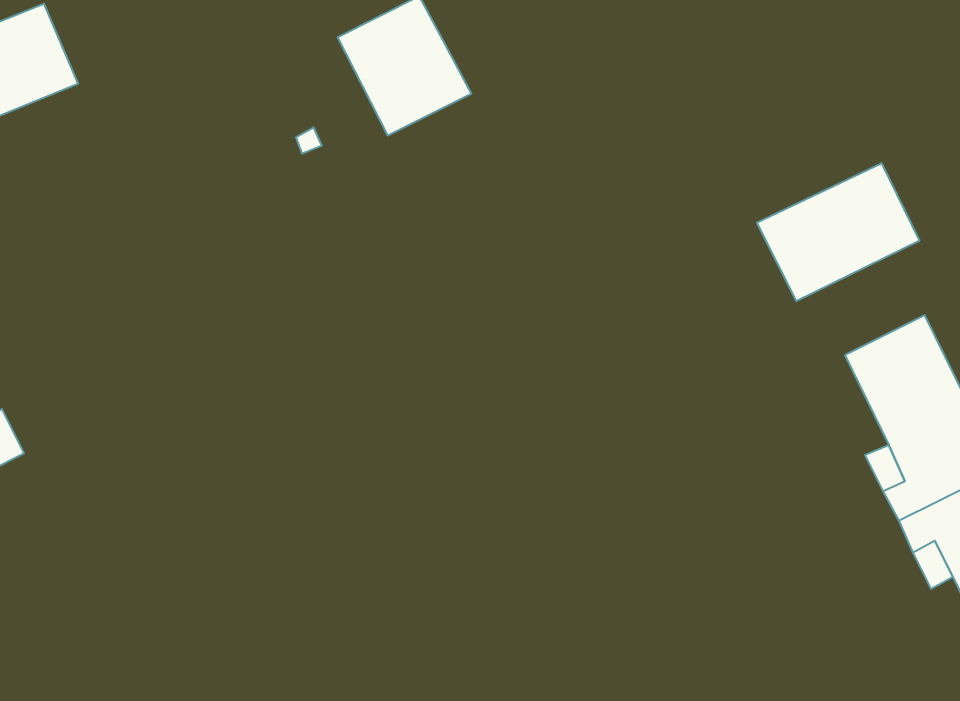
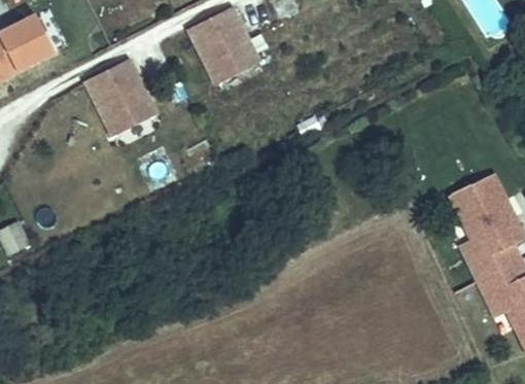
building: none -> [86,61,154,134]
building: [757,163,919,301] -> none

